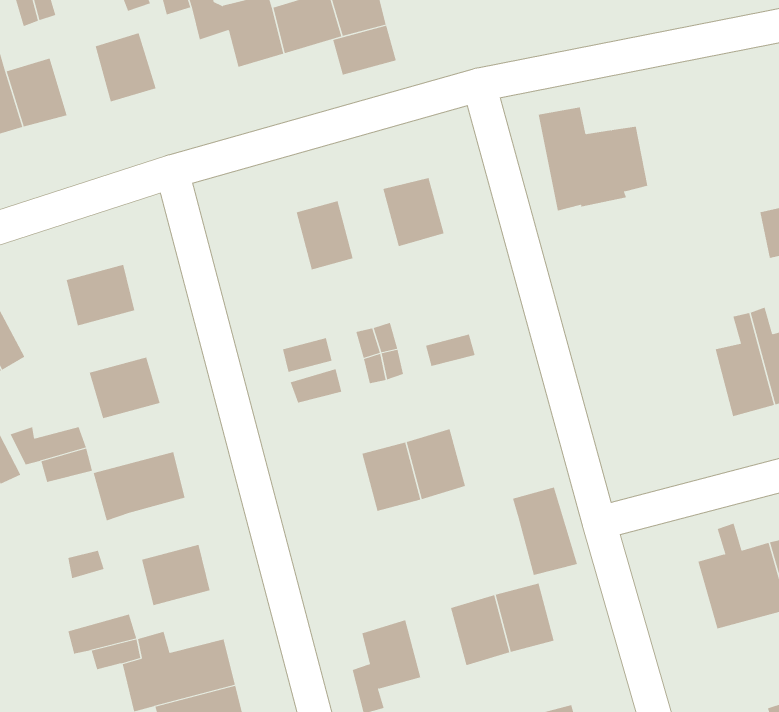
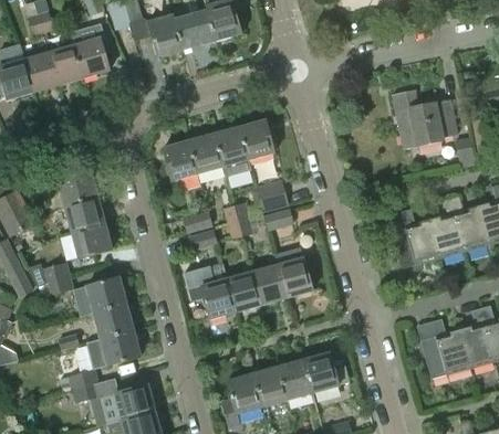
building: [332,25,397,76] -> none
building: none -> [49,45,83,85]
building: [538,107,648,211] -> [392,89,455,149]
building: none -> [214,127,251,177]
building: none -> [163,140,198,180]
building: none -> [256,180,288,211]
building: none -> [64,197,104,232]
building: none -> [389,209,439,268]
building: none -> [185,269,236,319]
building: [512,487,578,576] -> [274,246,312,297]
building: none -> [94,304,134,339]
building: none -> [252,367,287,406]

